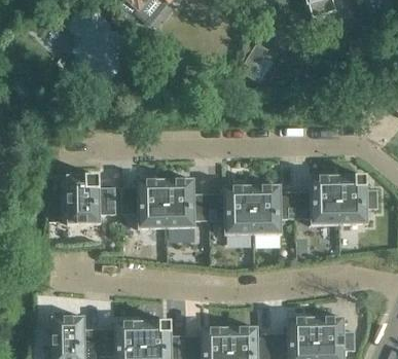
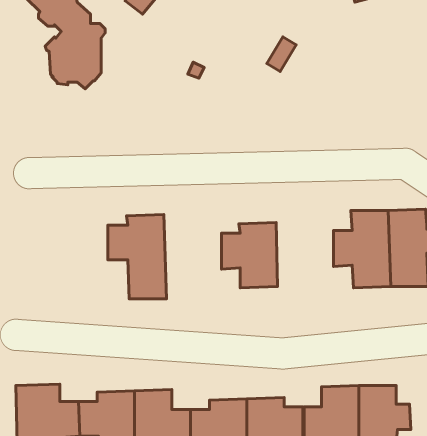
building: [68,175,118,241] -> none
building: [165,181,209,246] -> none
building: [251,186,295,237] -> none

